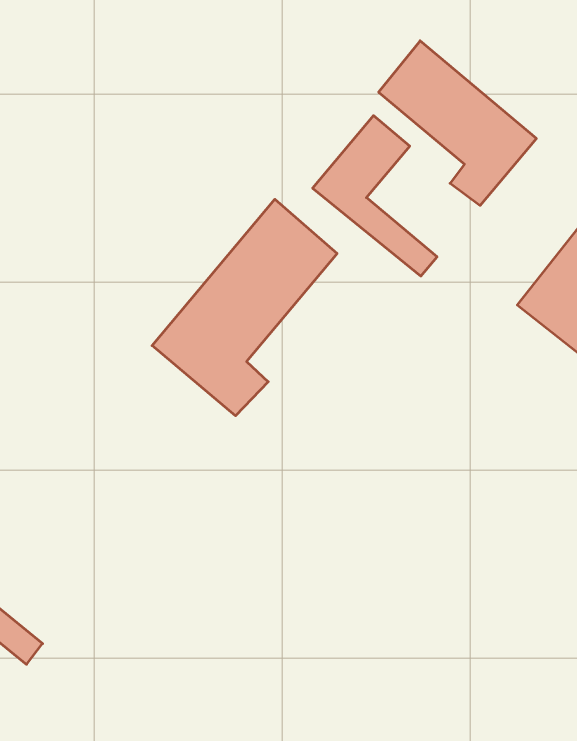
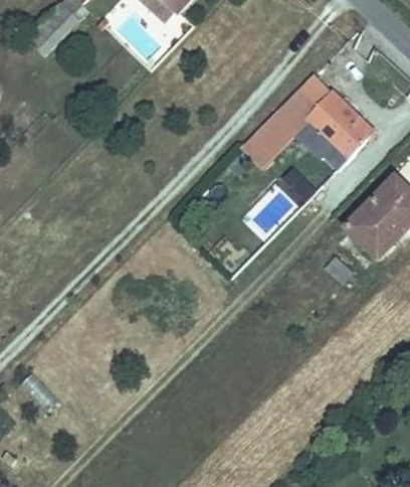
building: [152,199,337,416] -> none

